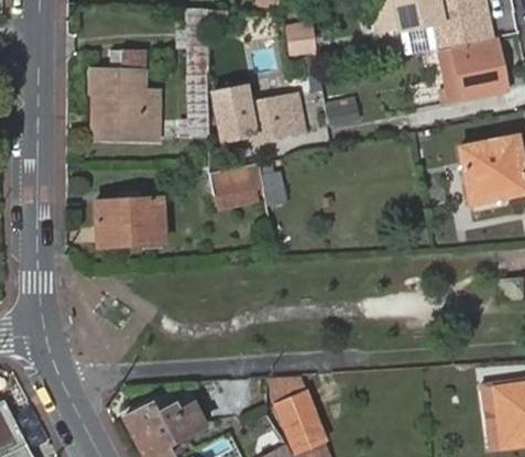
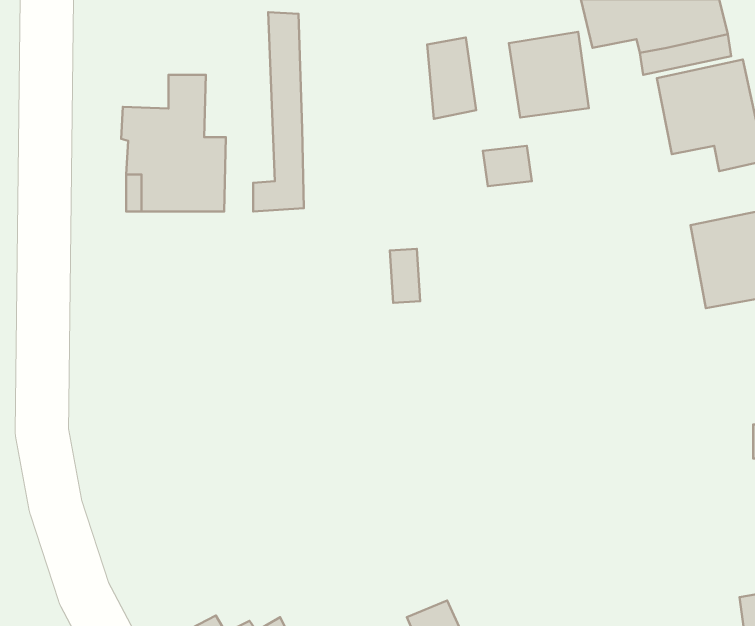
building: none -> [509,32,589,118]
building: [212,88,308,153] -> none
building: [211,163,264,197] -> none
building: [96,198,163,247] -> none

